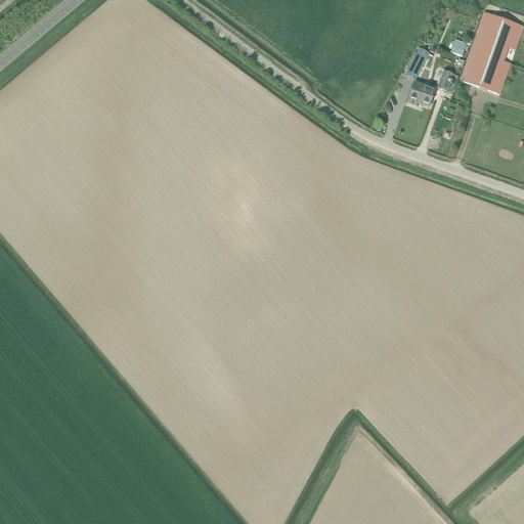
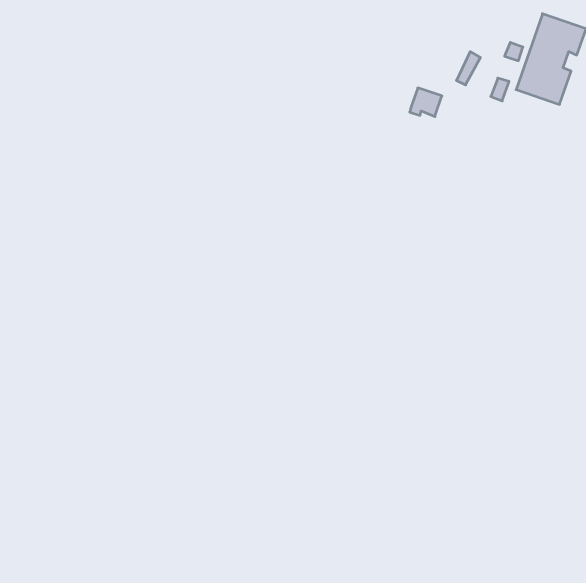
building: [407,80,436,105] -> [410,88,442,117]

